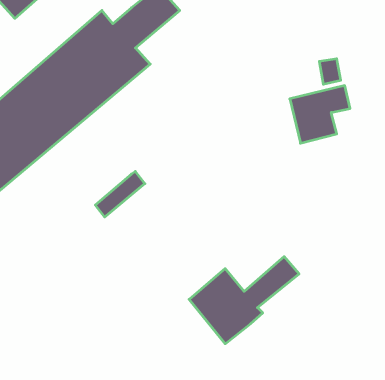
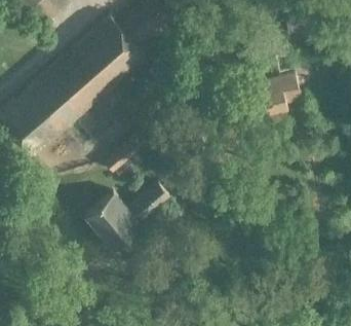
building: [189,257,299,344] -> [86,184,170,251]

